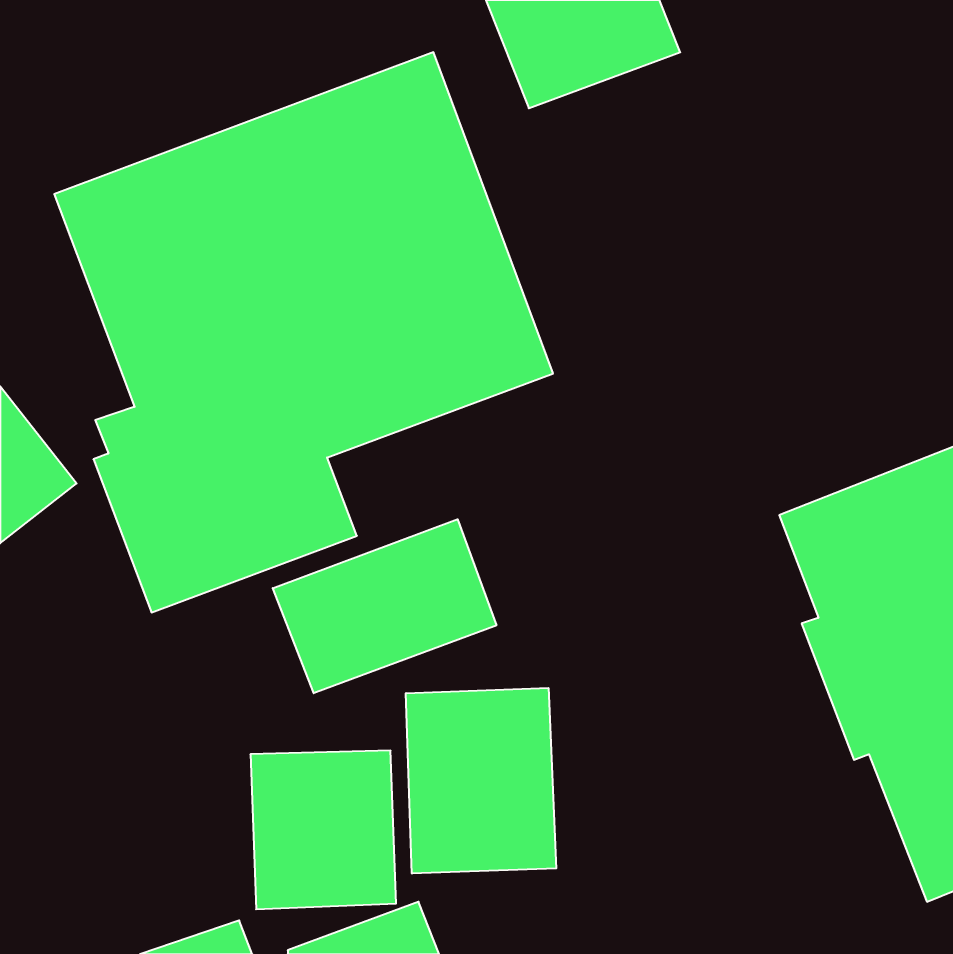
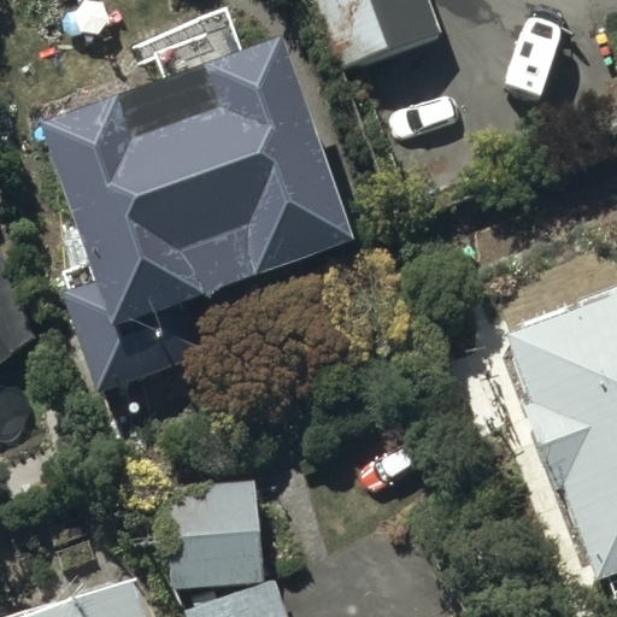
building: [273,519,496,693] -> none
building: [406,688,556,874] -> none

